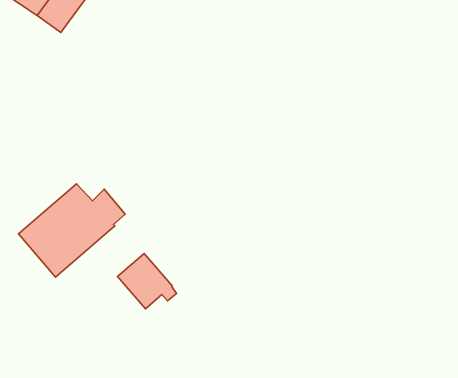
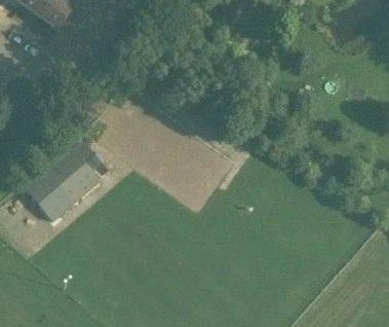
building: [117,253,177,309] -> none

